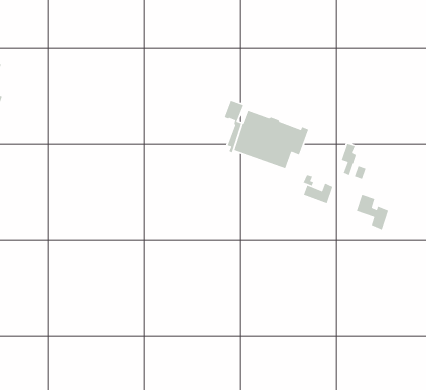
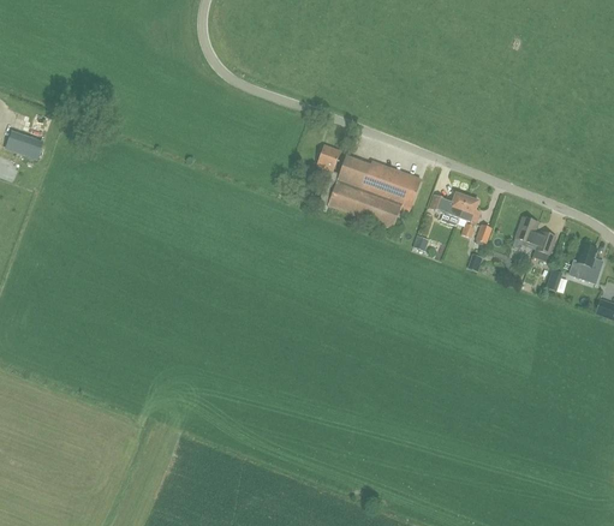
building: [303,183,333,204] -> [430,191,467,217]
building: [356,194,389,231] -> [515,215,556,261]

